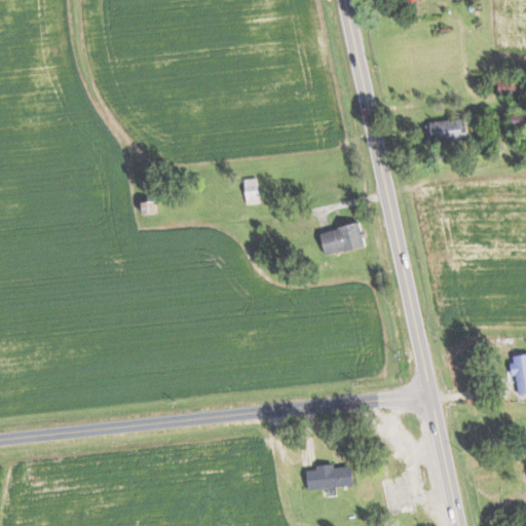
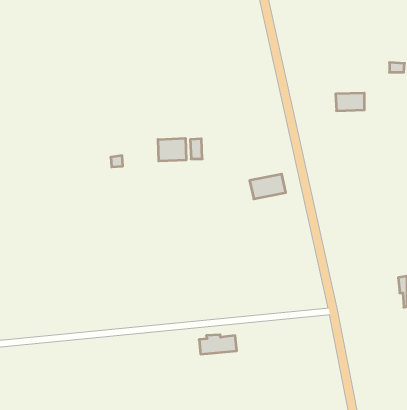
building: none -> [158,138,186,161]
building: [306,464,354,489] -> [199,335,237,354]

